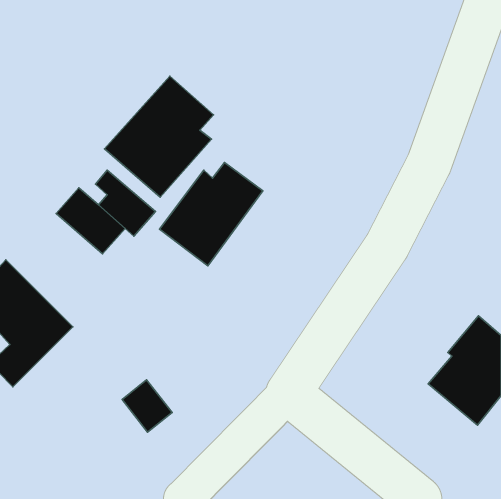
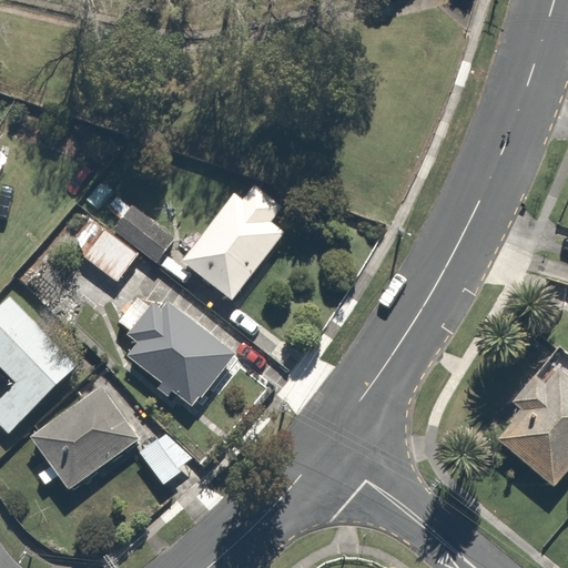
building: [105,76,214,197] -> none
building: none -> [115,298,234,407]
building: none -> [30,386,139,489]

